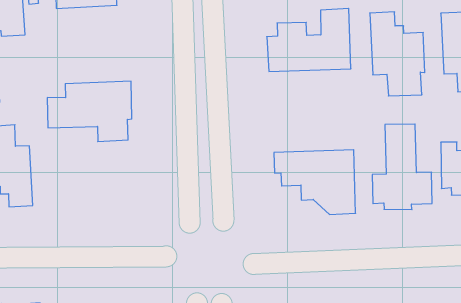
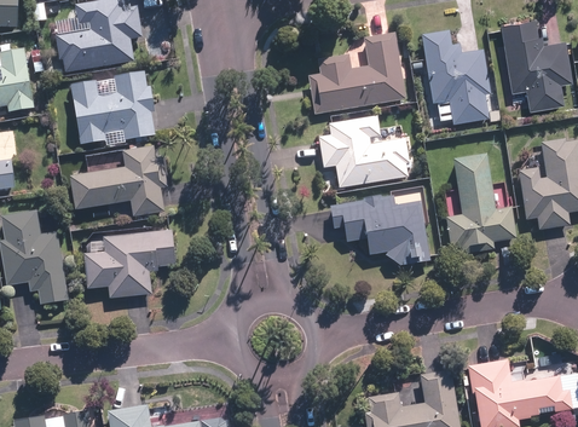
building: none -> [71,73,156,146]
building: none -> [319,115,410,189]
building: none -> [83,231,177,299]

